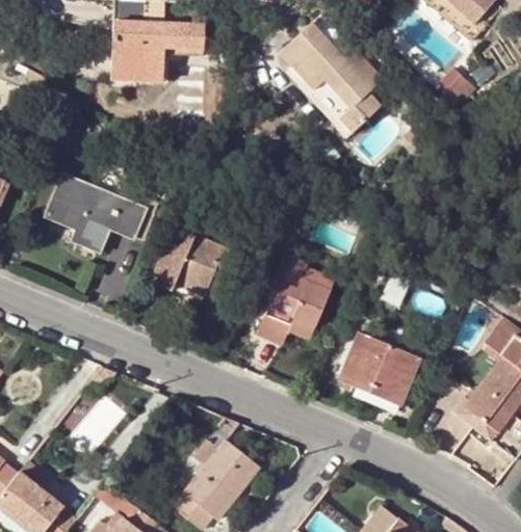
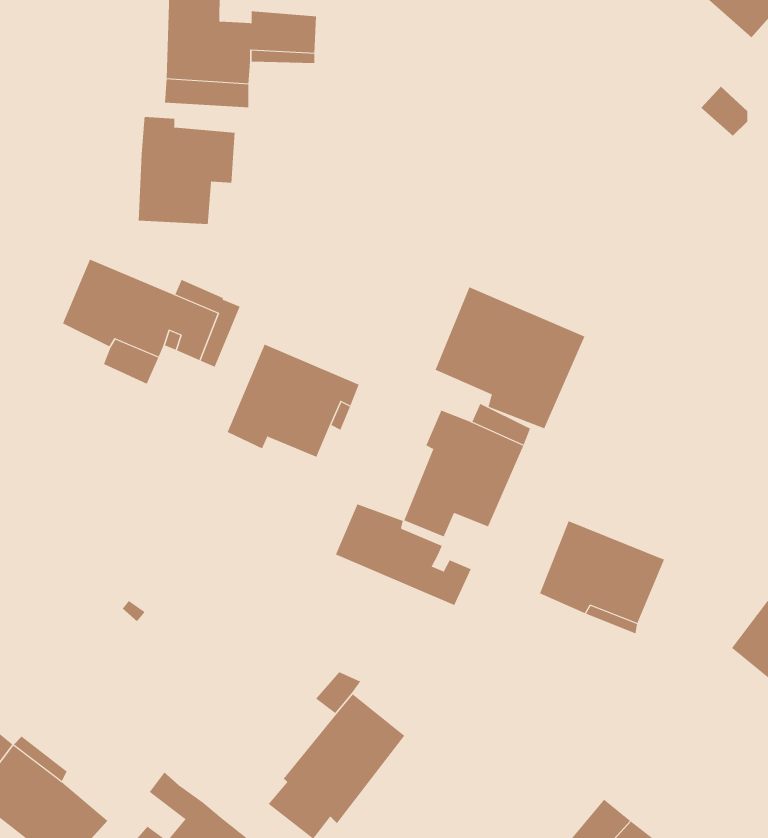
building: [281,25,383,133] -> none
building: none -> [138,116,235,225]
building: none -> [435,287,585,429]
building: none -> [335,504,472,606]

